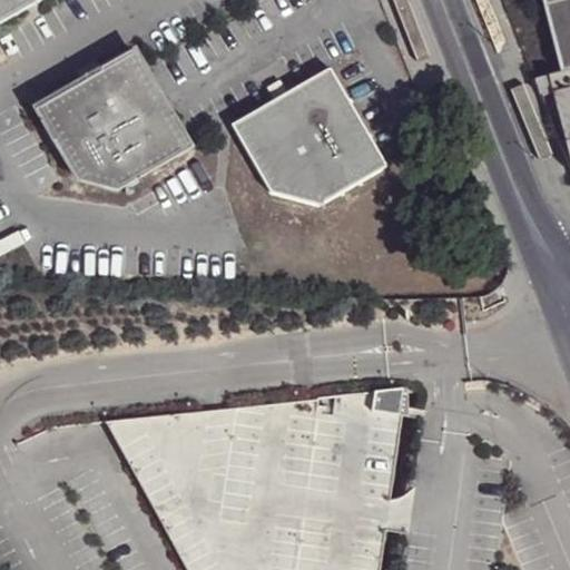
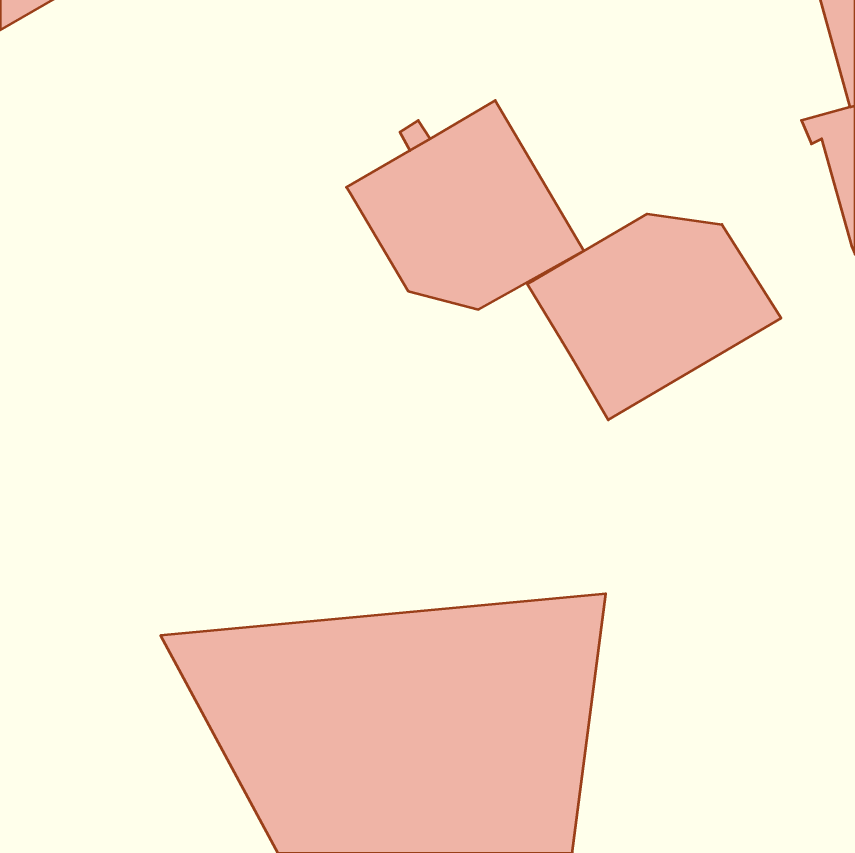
building: [37,47,194,187] -> none
building: none -> [527,214,781,420]

